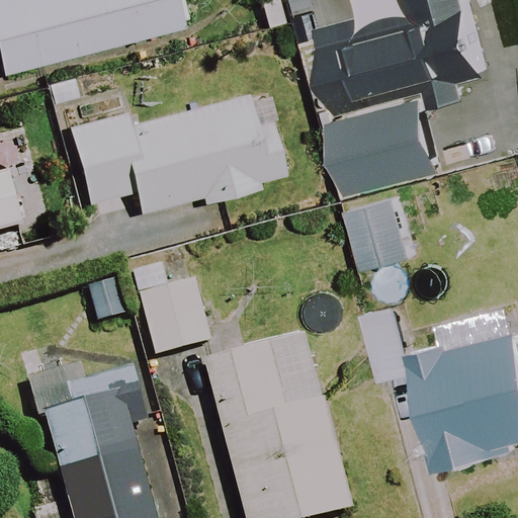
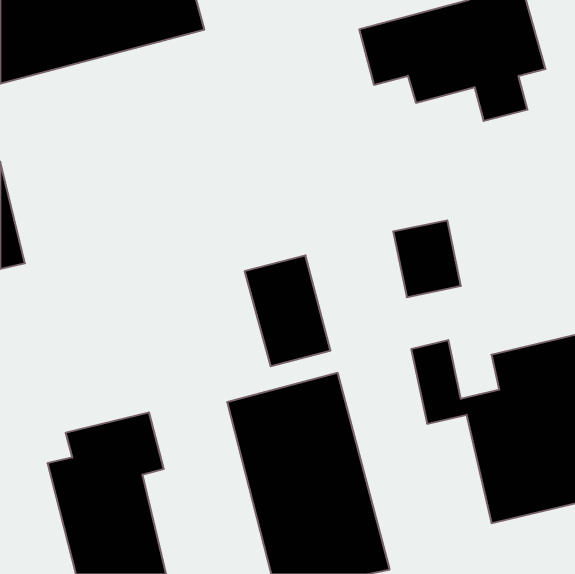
building: [66,92,286,213] -> none
building: [336,105,442,188] -> none
building: [133,258,209,357] -> [245,255,331,366]

